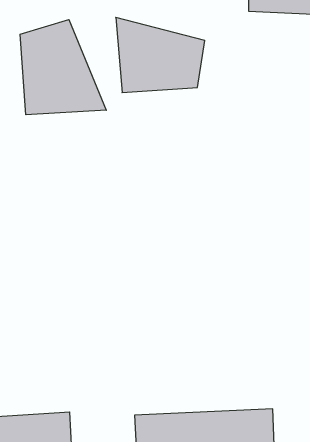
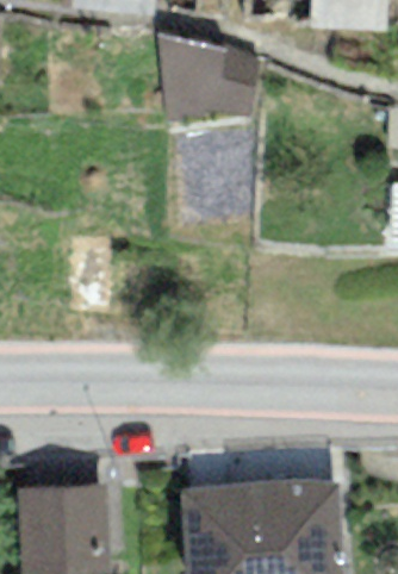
building: [20,20,106,115] -> none

